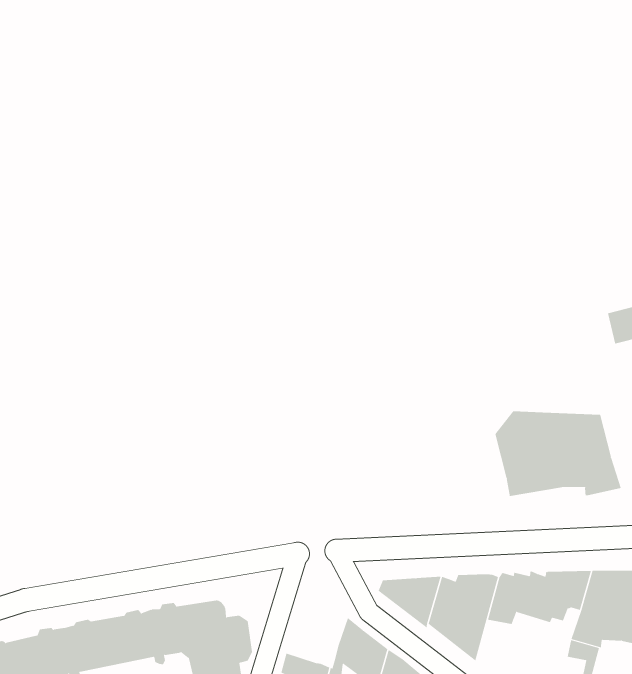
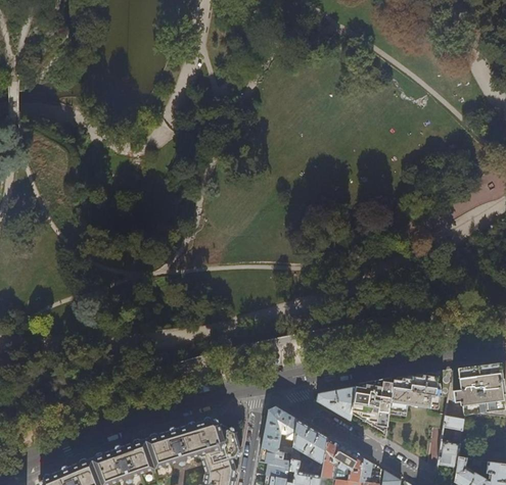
building: [495,411,622,497] -> none
building: none -> [262,407,298,452]

